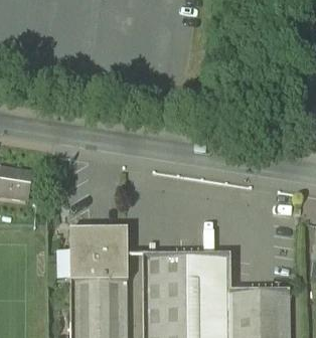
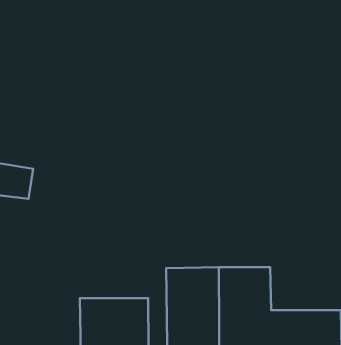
building: [70,228,128,280] -> none

